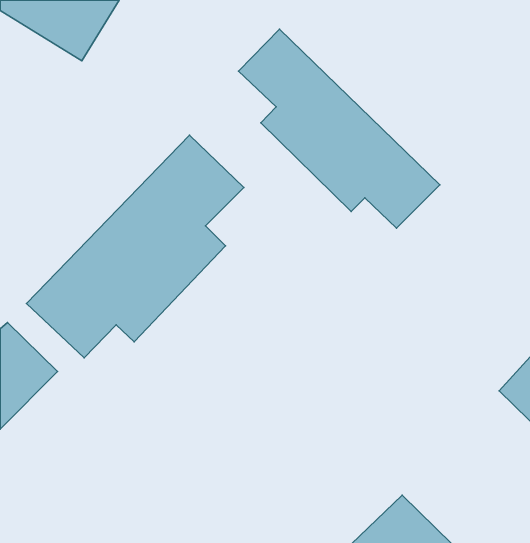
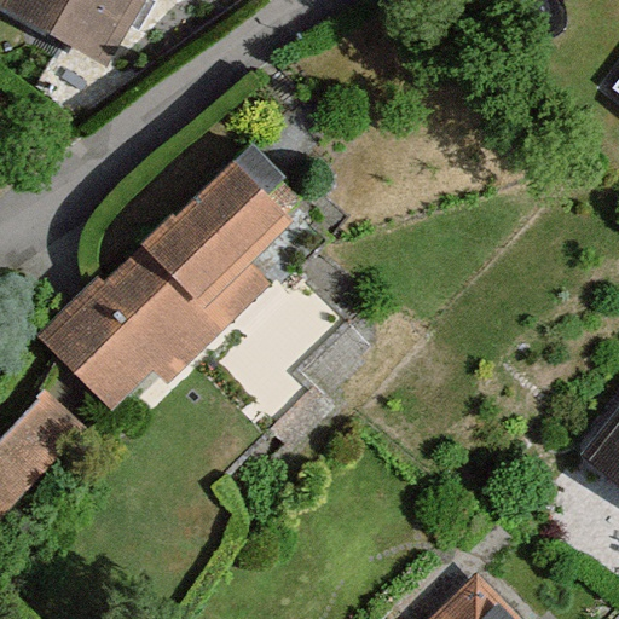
building: [238,29,440,228] -> none

